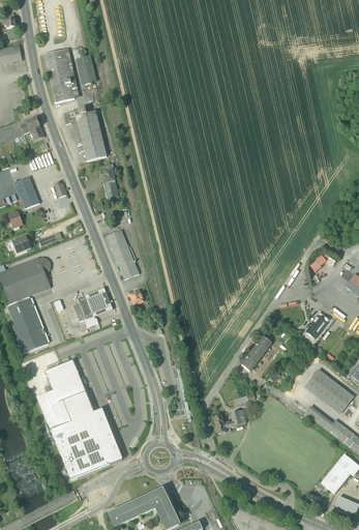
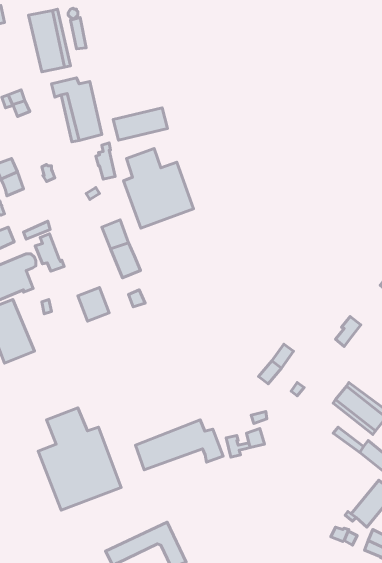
building: none -> [113,108,168,140]
building: none -> [123,149,193,228]
building: [73,294,98,326] -> [35,234,64,271]
building: [39,358,86,428] -> none
building: none -> [135,420,223,470]

